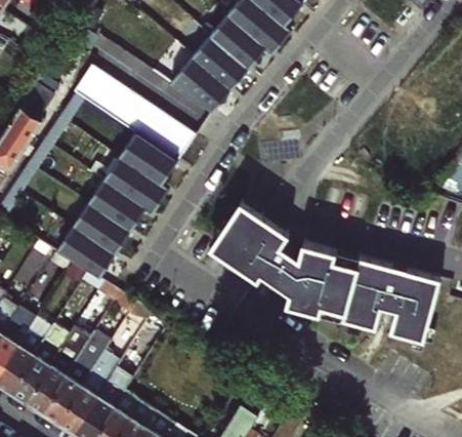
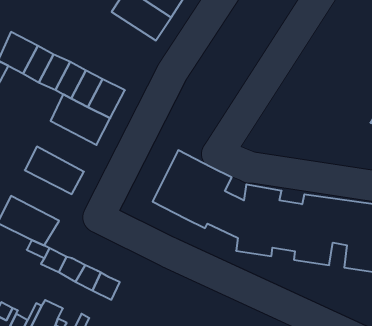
building: [168,59,230,115] -> none
building: [102,159,161,212] -> none
building: [72,204,131,257] -> none

